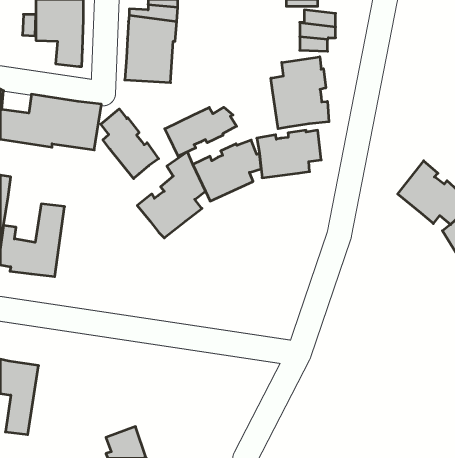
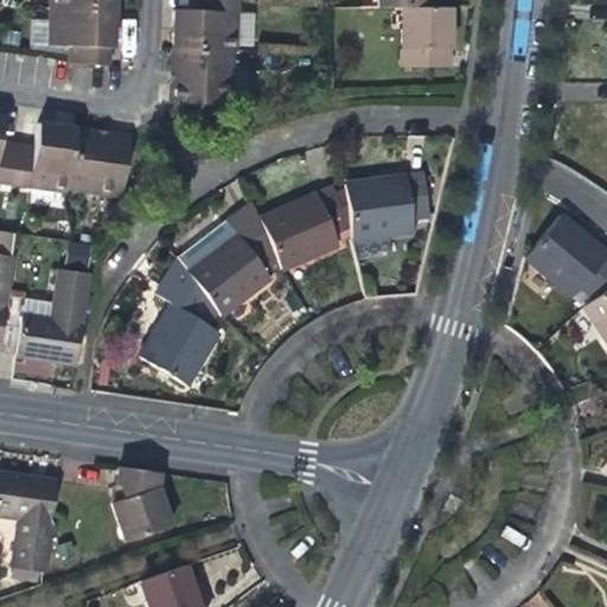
building: [271,57,329,129] -> none
building: [165,107,237,156] -> none
building: [101,109,159,179] -> none
building: none -> [141,286,219,382]
building: none -> [110,467,170,539]

